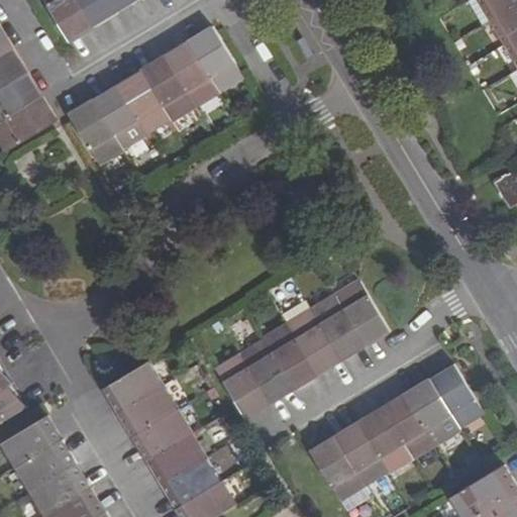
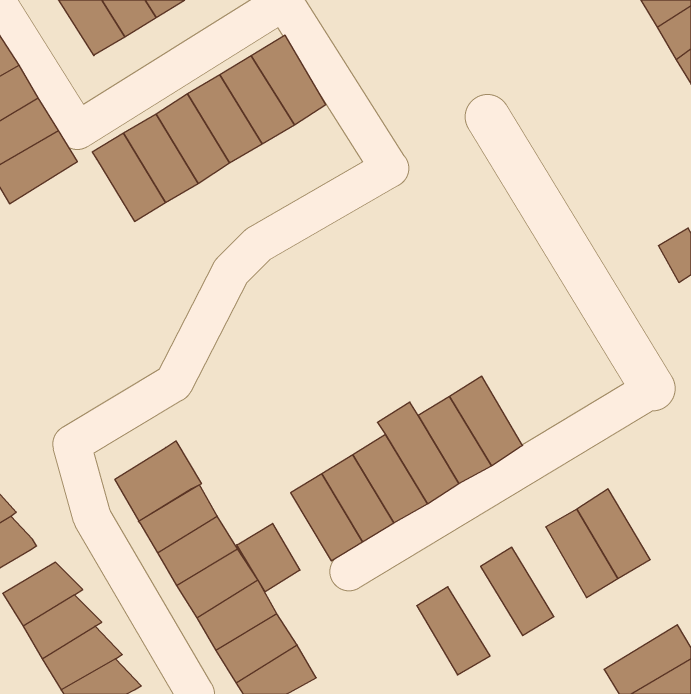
building: none -> [115,441,201,521]
building: none -> [237,523,300,592]
building: [381,392,436,458] -> none
building: [333,421,389,488] -> none

